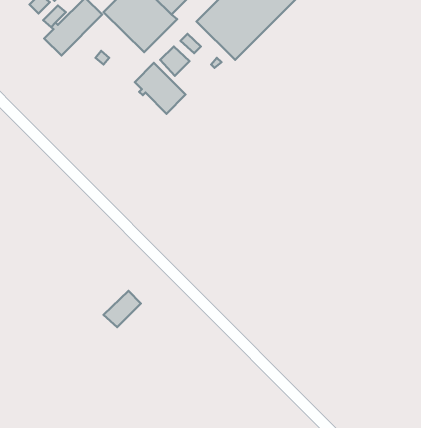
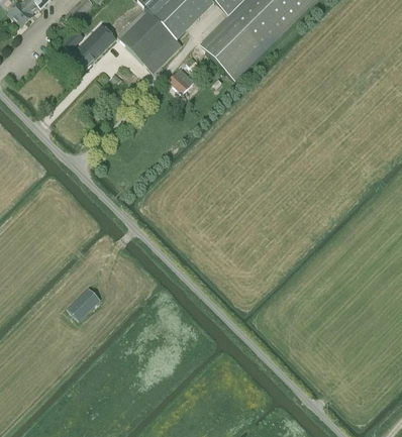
building: [135,63,186,114] -> none
building: [104,291,141,327] -> [68,286,101,318]

